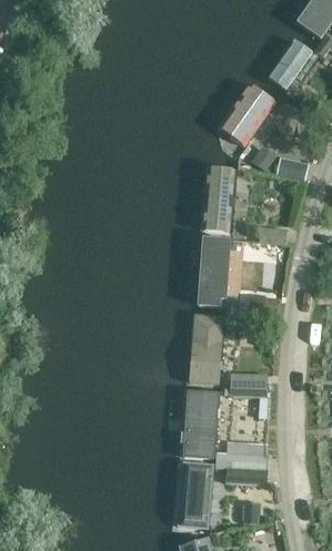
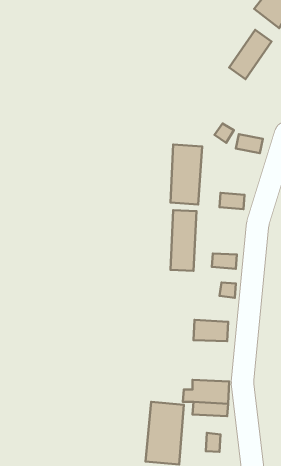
building: [213,79,279,150] -> none
building: [188,315,224,388] -> none
building: [182,391,220,463] -> none

